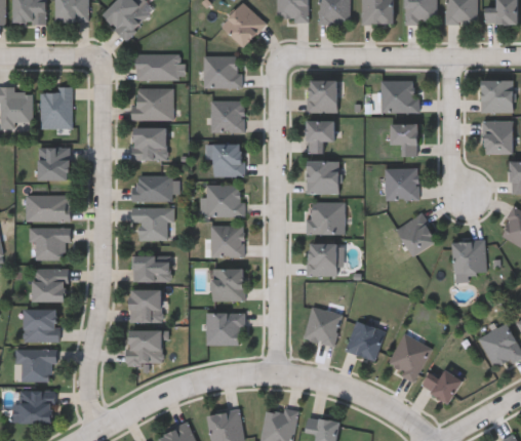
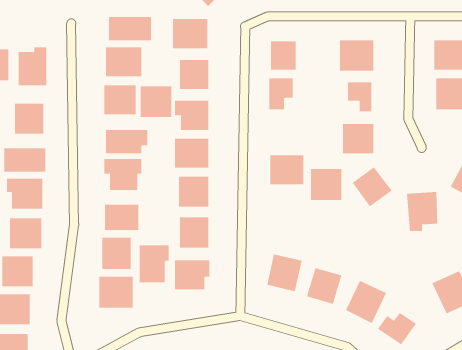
building: none -> [140,85,172,118]
building: [307,162,339,194] -> none
building: [308,242,342,276] -> [310,168,342,201]
building: none -> [139,244,169,283]

